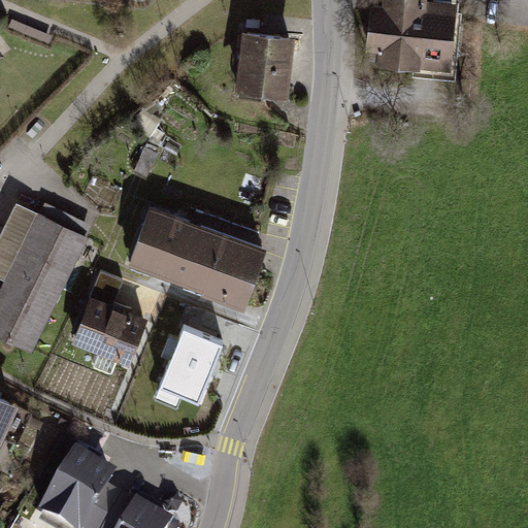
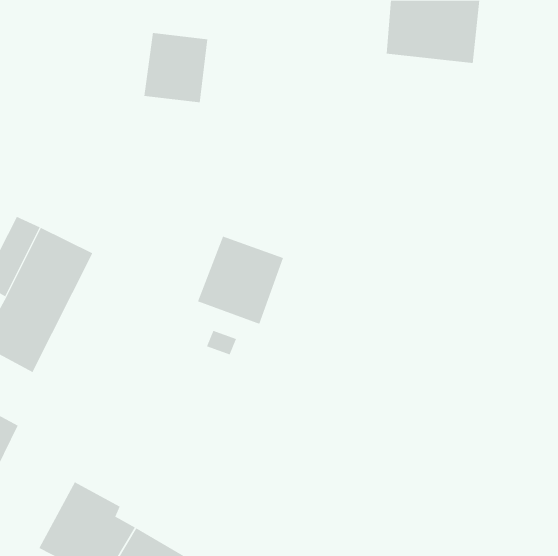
building: [233,29,294,95] -> [143,33,208,103]
building: [128,204,209,288] -> none
building: [69,273,148,364] -> none
building: [159,334,224,402] -> none

